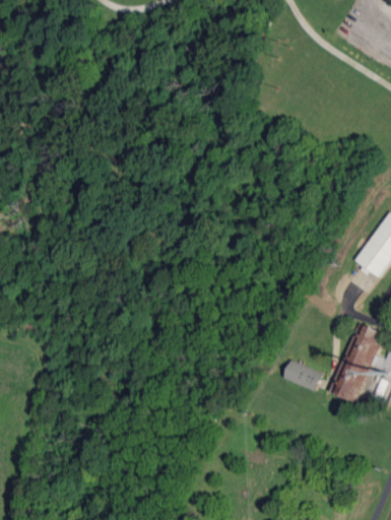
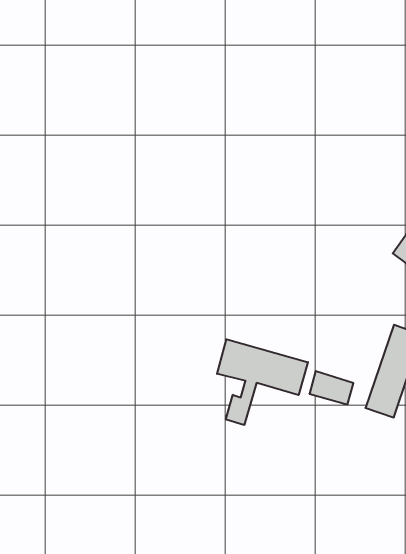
building: none -> [217,339,308,425]

